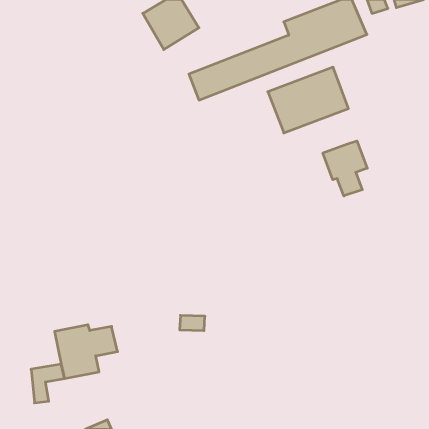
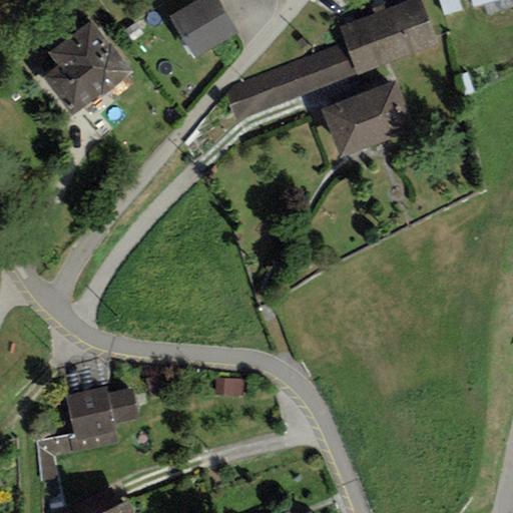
building: none -> [41,18,133,115]
building: [323,141,367,196] -> none

